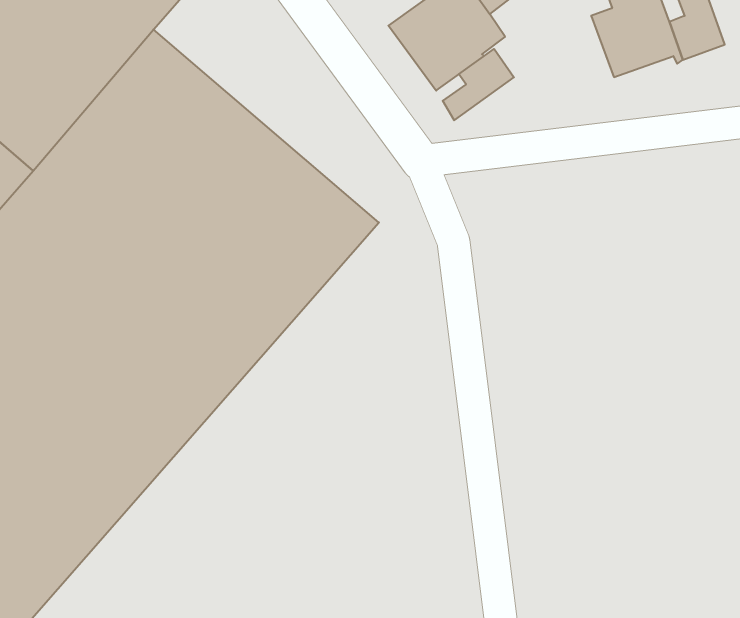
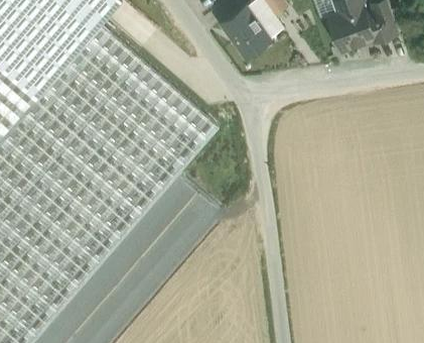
building: [443,49,514,120] -> none

